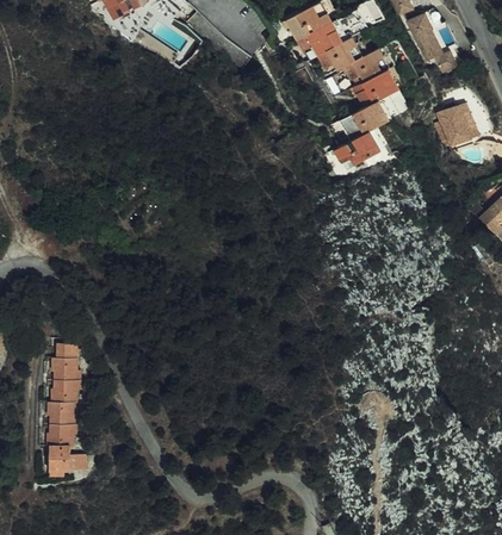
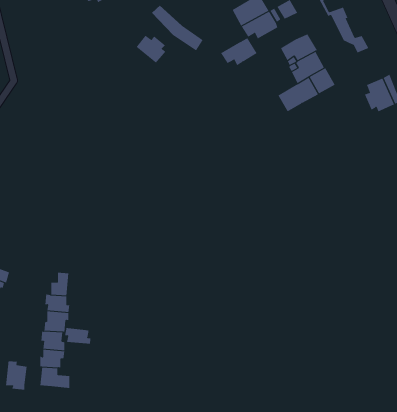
building: [312,36,358,70] -> [220,37,258,66]
building: none -> [136,35,166,63]
building: [333,132,377,170] -> none
building: none -> [64,327,91,344]
building: none -> [5,361,27,391]

